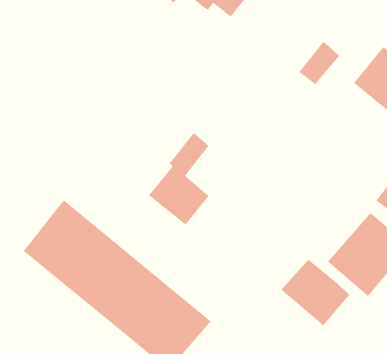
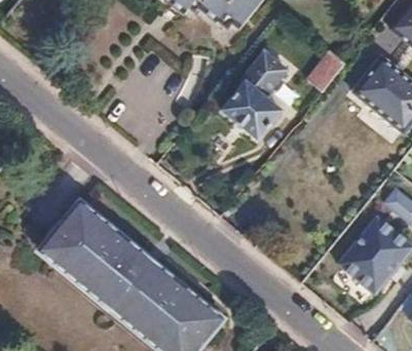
building: [148,132,209,225] -> [222,49,280,139]
building: [280,259,350,326] -> none

